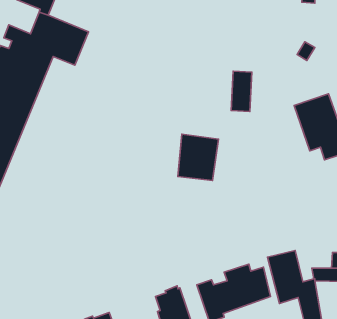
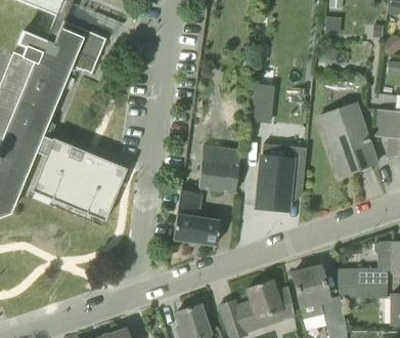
building: none -> [34,135,127,216]
building: none -> [255,138,303,205]
building: none -> [174,189,220,245]

